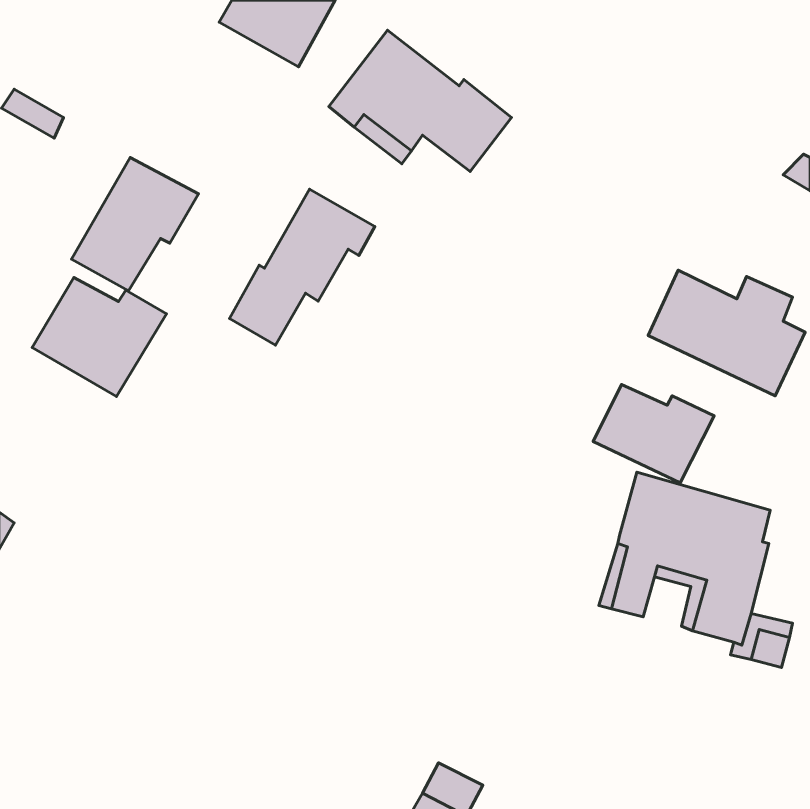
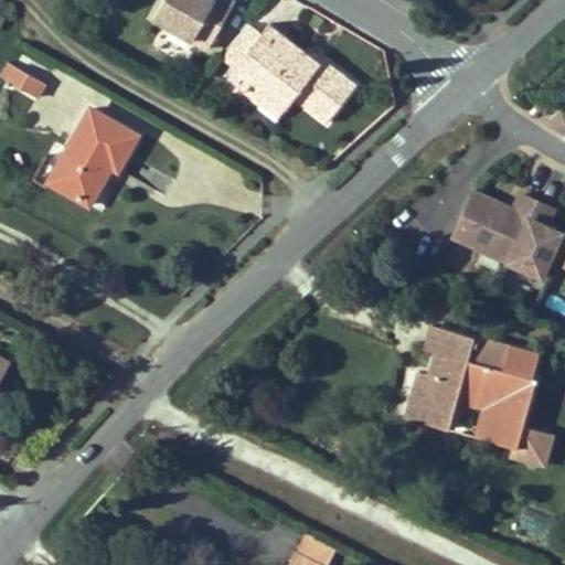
building: [229,189,375,345] -> none
building: [32,277,167,396] -> none
building: [593,385,714,483] -> none

